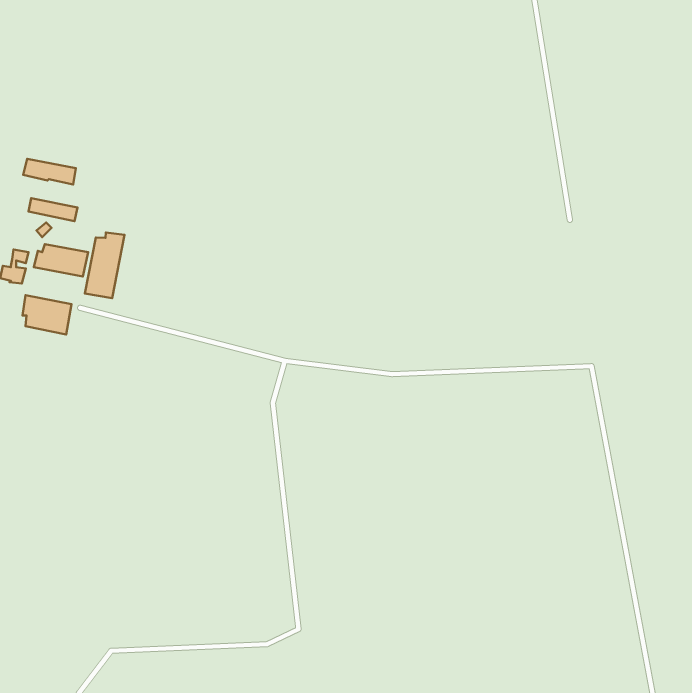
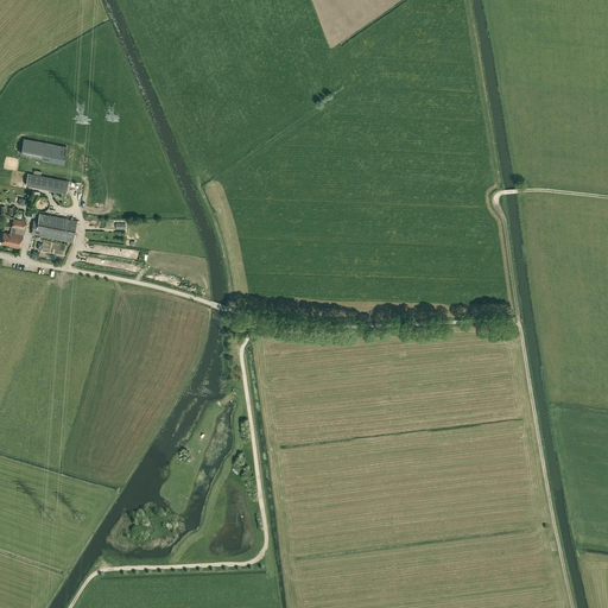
building: [85,232,125,298] -> none
building: [22,295,71,334] -> none

